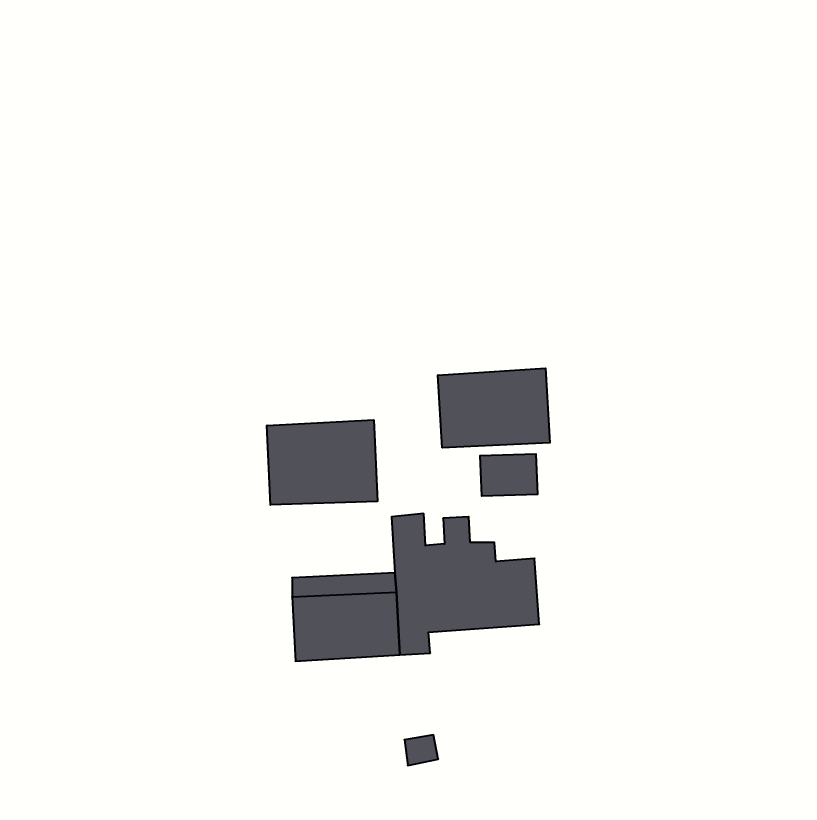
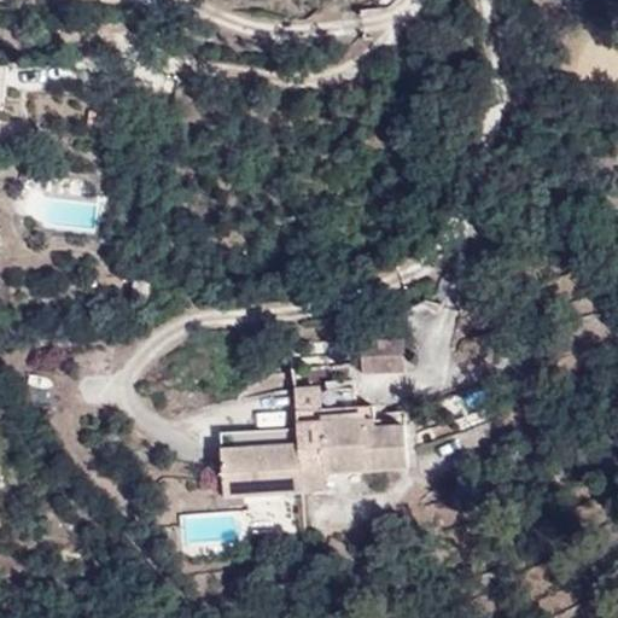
building: [438,368,550,448] -> none
building: [267,420,377,505] -> none

